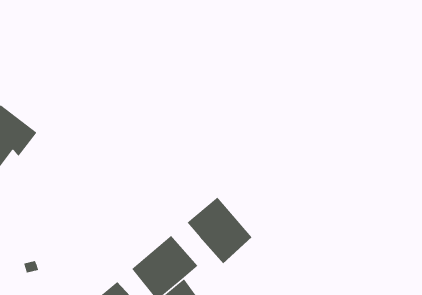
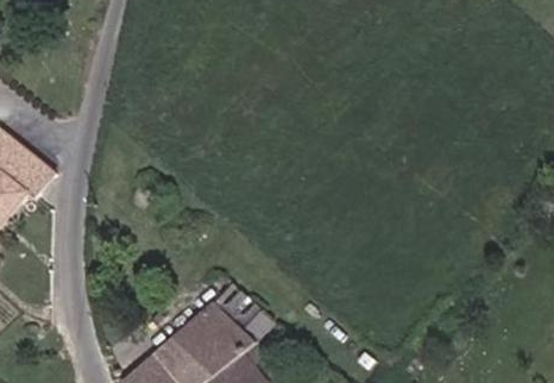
building: [187,196,252,264] -> none

